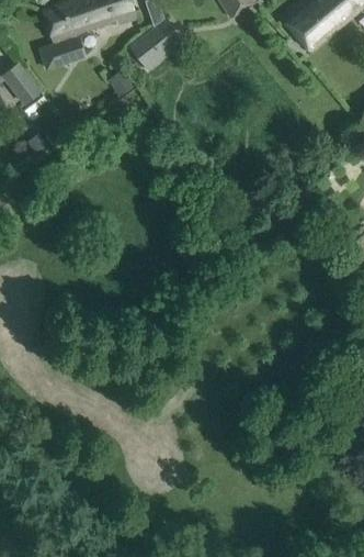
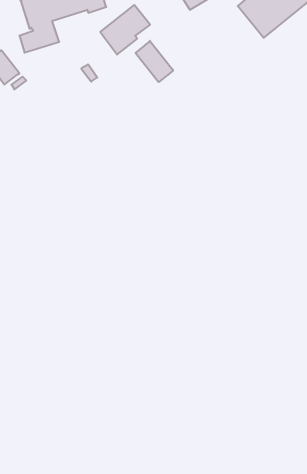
building: none -> [136,41,173,82]

